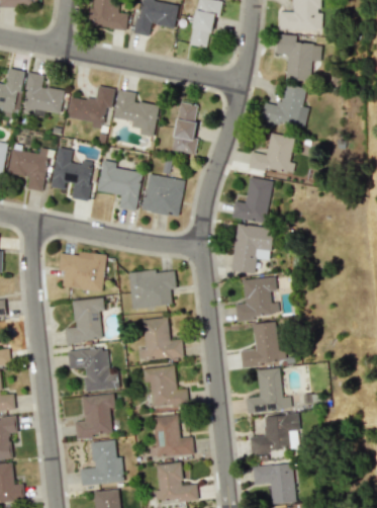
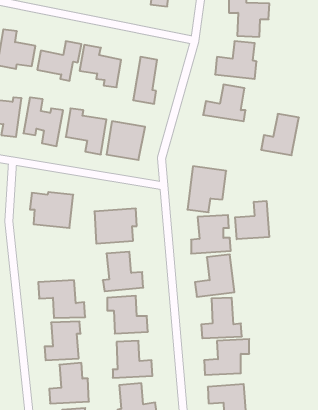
building: [231,176,273,222] -> [261,114,299,155]
building: none -> [235,201,269,239]
building: [65,297,104,343] -> none

